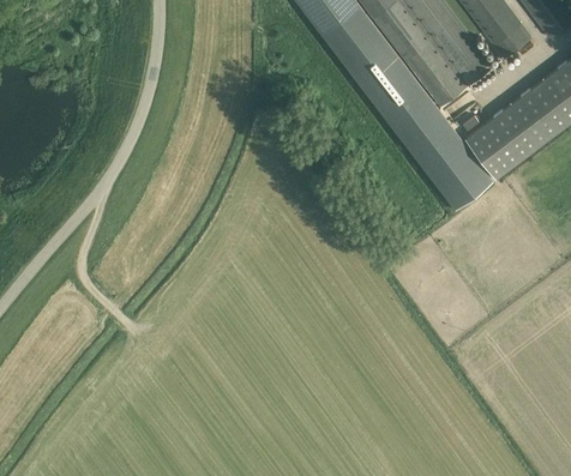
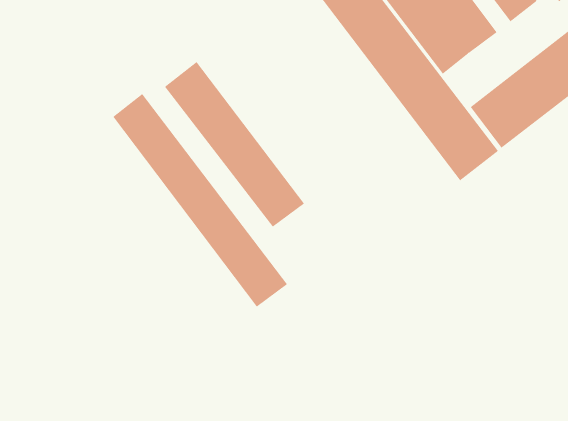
building: none -> [164,61,305,228]
building: none -> [112,93,288,308]

